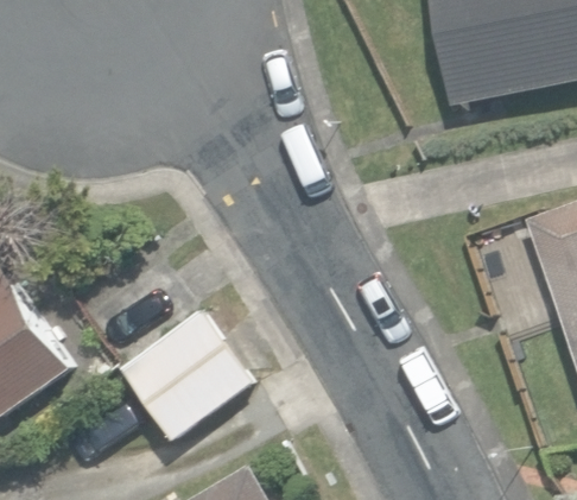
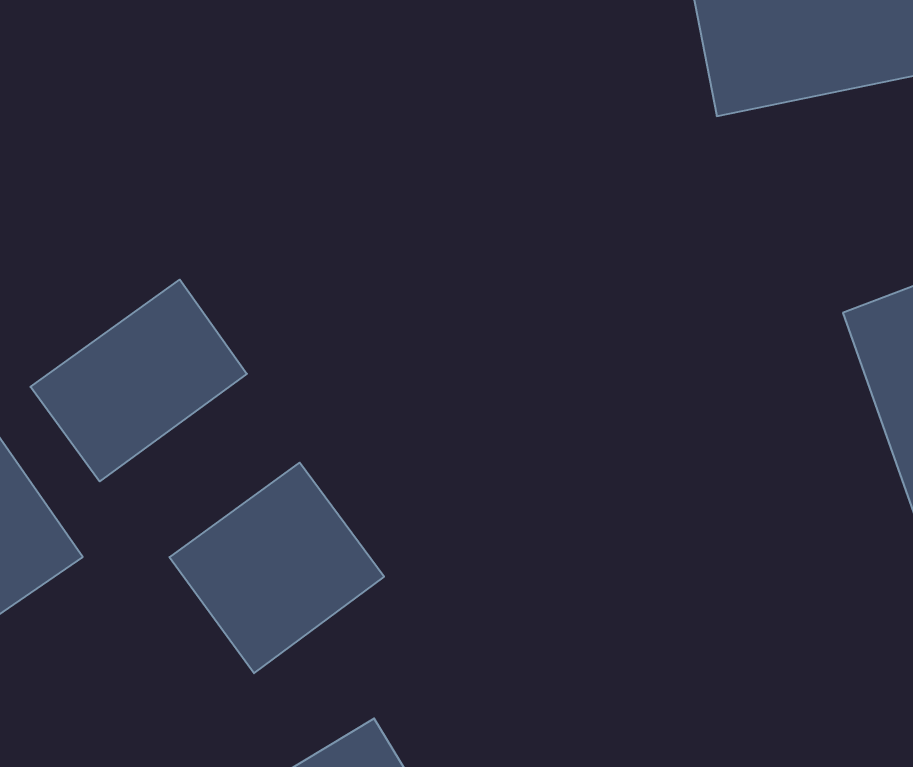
building: none -> [30,280,247,481]

